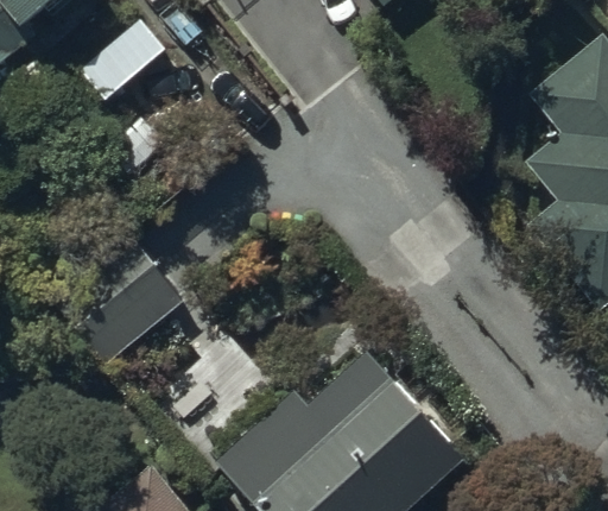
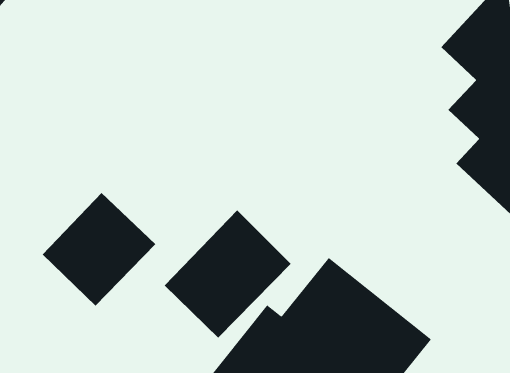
building: none -> [164,210,291,338]

